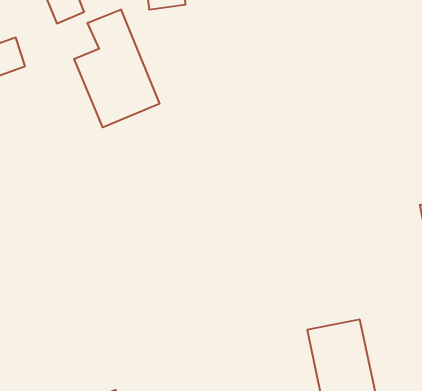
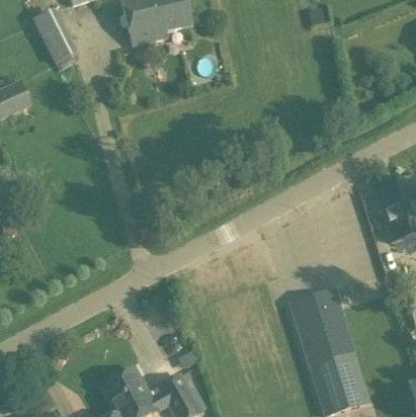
building: [74,9,159,127] -> none

